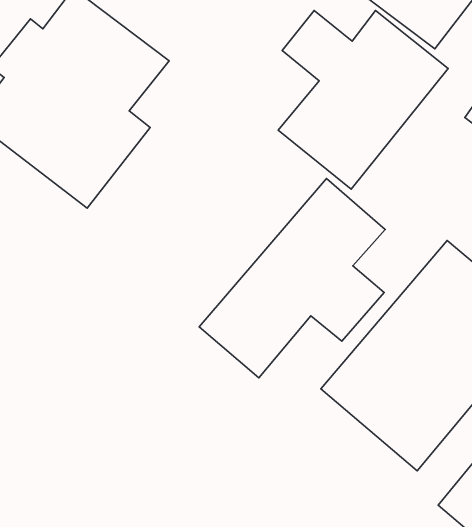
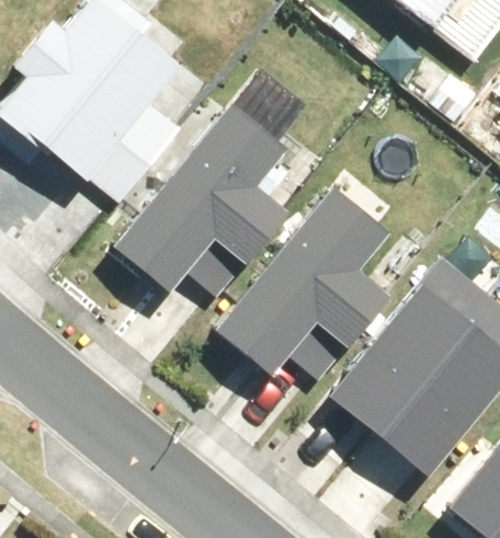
building: [278,11,448,189] -> none
building: none -> [116,98,298,294]

